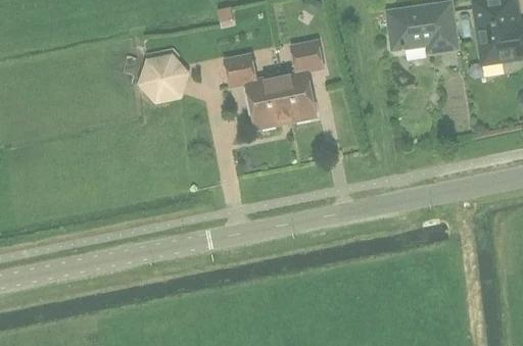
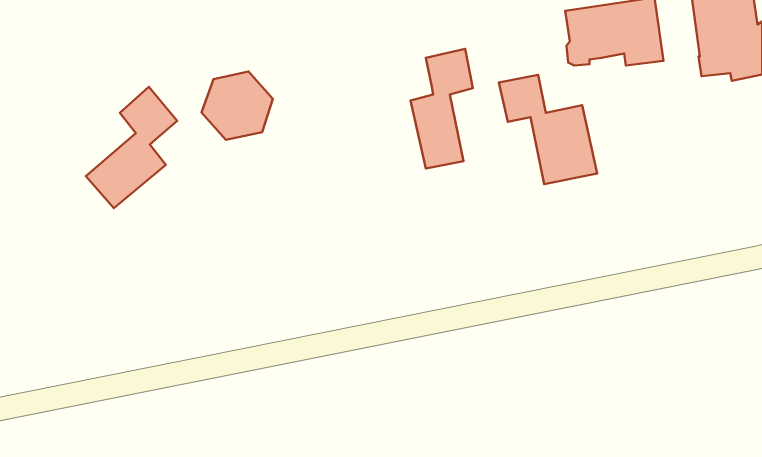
building: [227,53,293,127] -> [499,75,597,184]
building: none -> [86,87,177,208]

